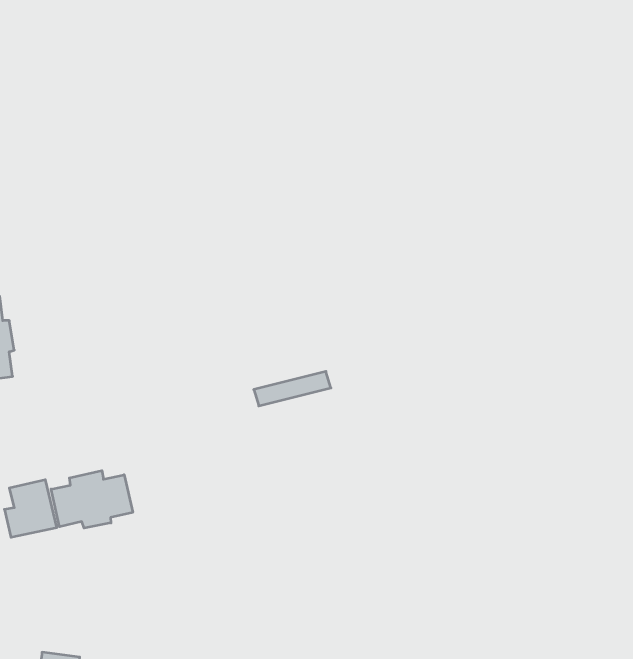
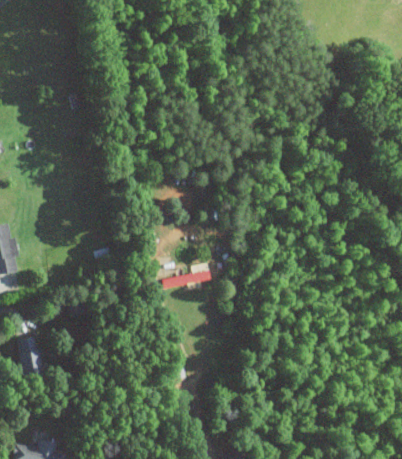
building: [51,471,133,528] -> none

